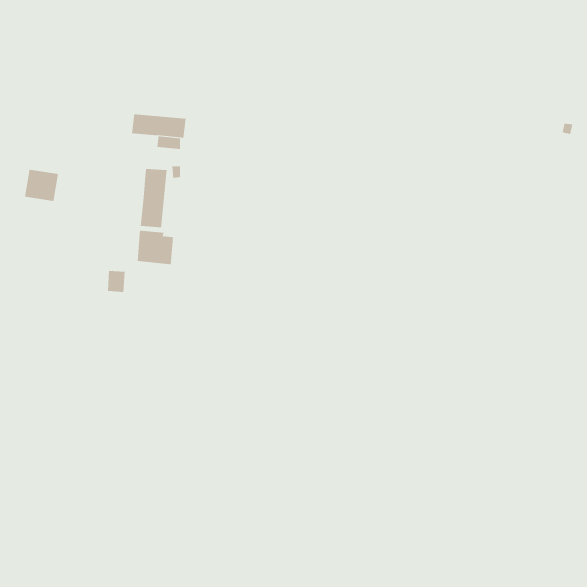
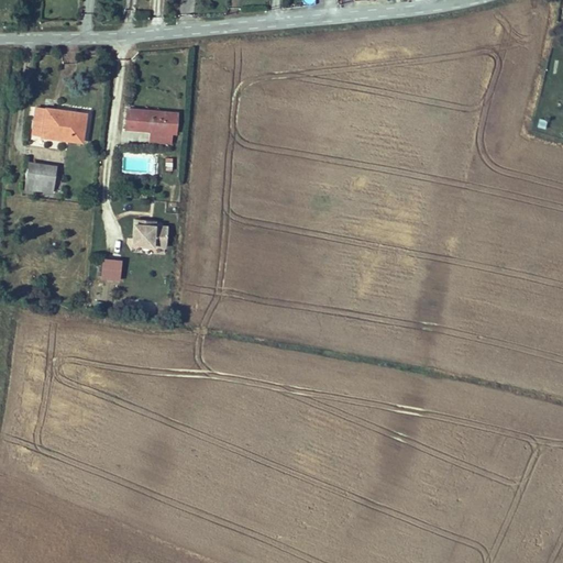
building: none -> [35,108,88,137]
building: [140,168,167,228] -> none

